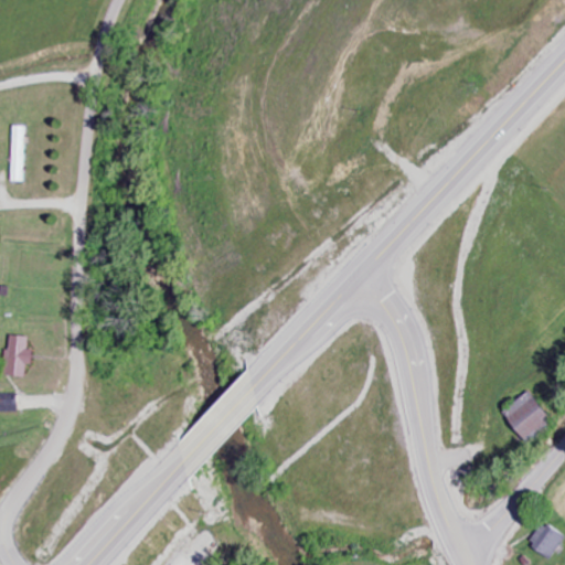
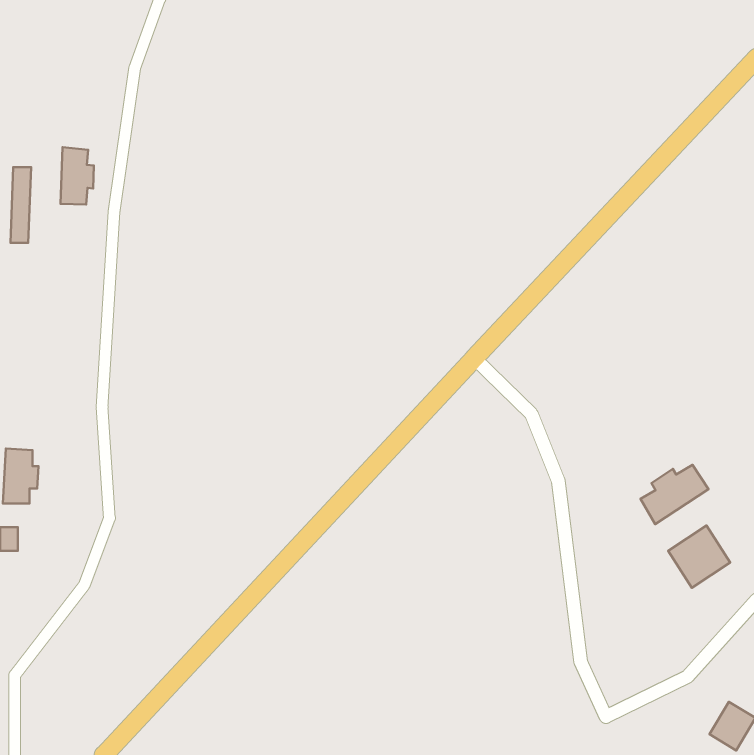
building: none -> [60,147,94,205]
building: none -> [641,465,708,524]

